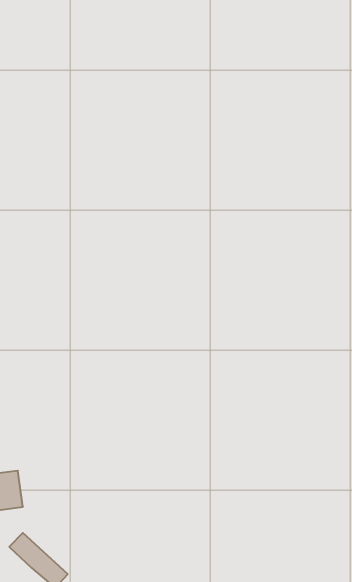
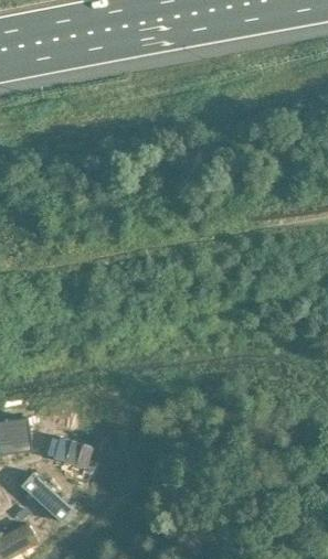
building: none -> [53,437,93,469]

